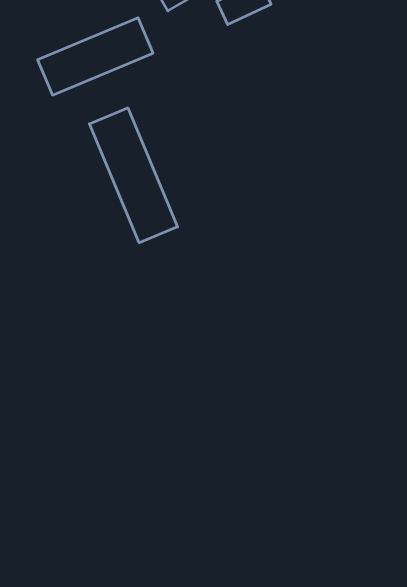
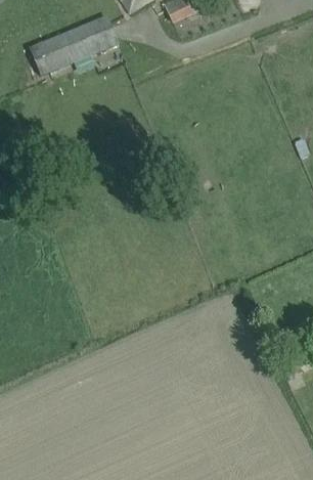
building: [89,108,178,243] -> none

